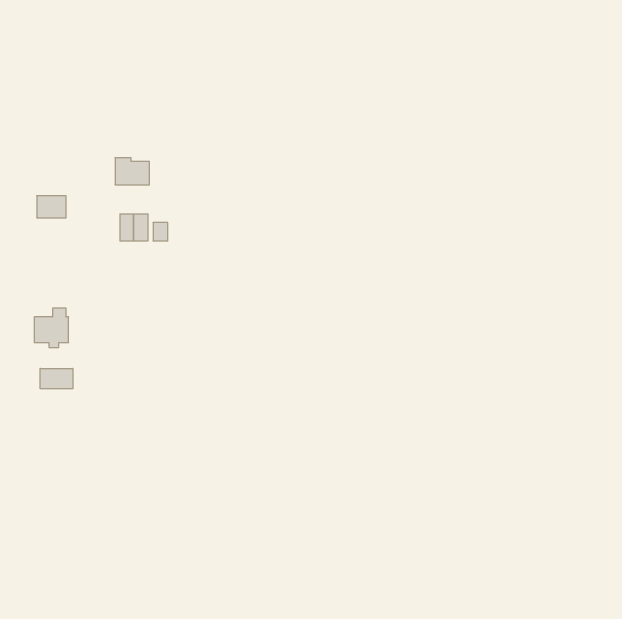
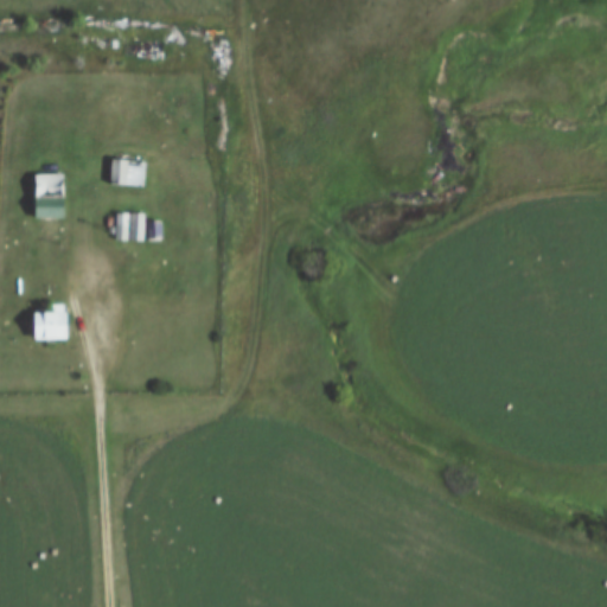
building: none -> [36,174,64,196]
building: [40,368,73,389] -> none

